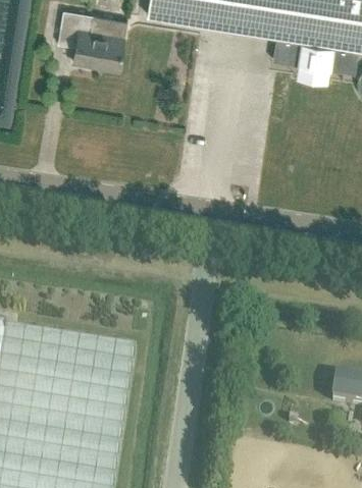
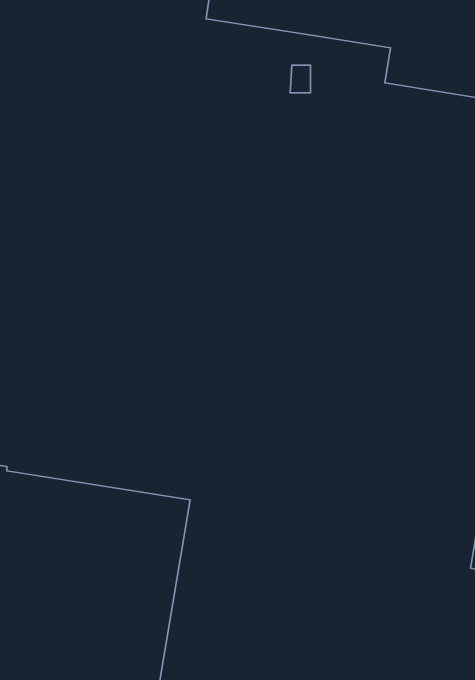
building: [58,9,127,69] -> none

